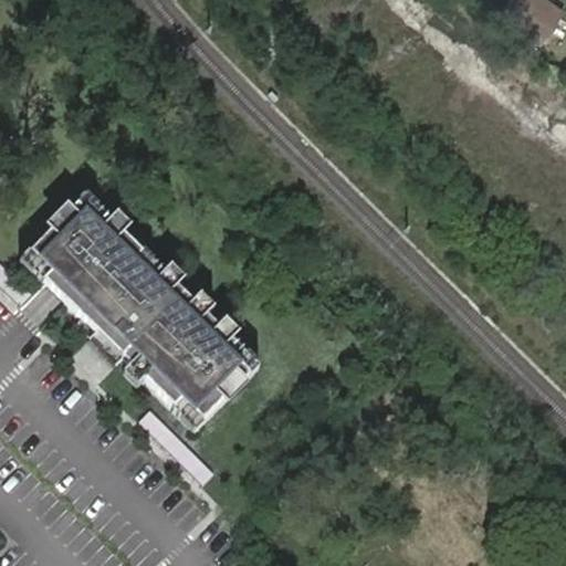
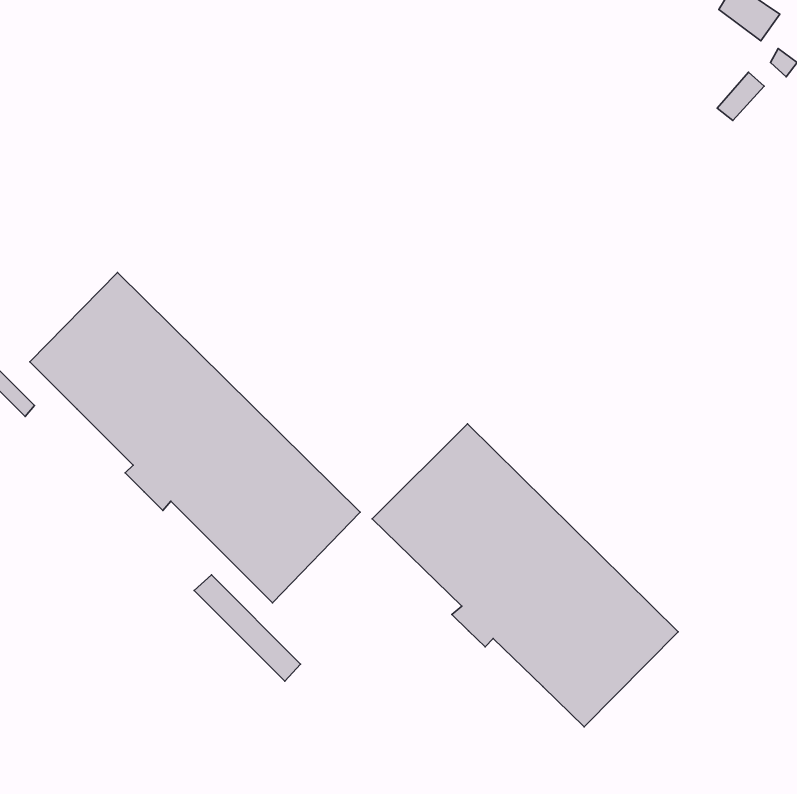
building: none -> [372,424,678,727]

